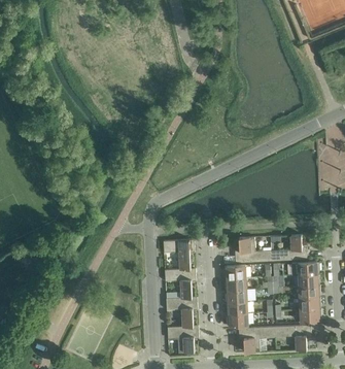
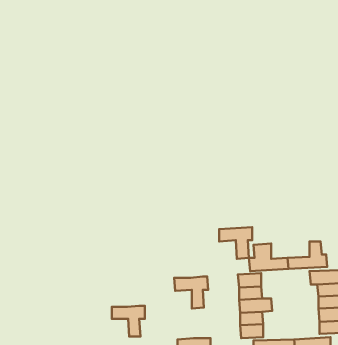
building: [163,239,194,269] -> [219,227,252,259]
building: [166,297,197,326] -> [112,306,145,337]

